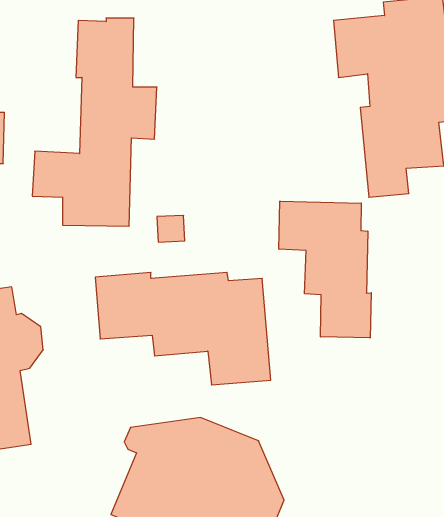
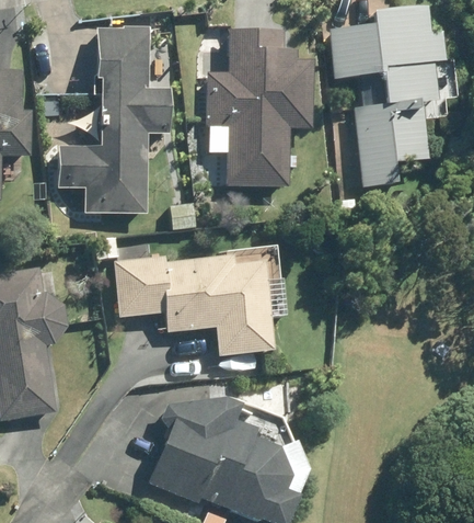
building: none -> [207,29,313,187]
building: [279,201,371,338] -> none

